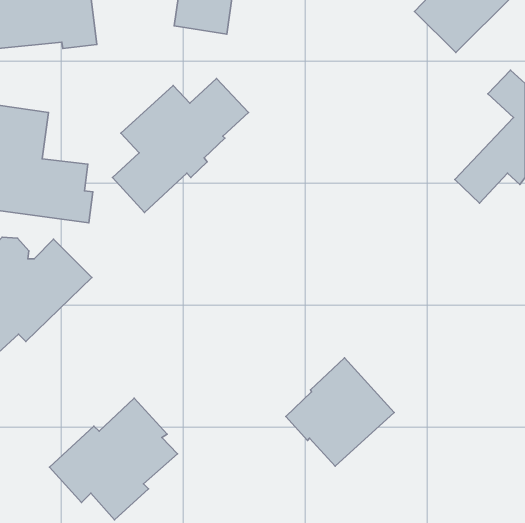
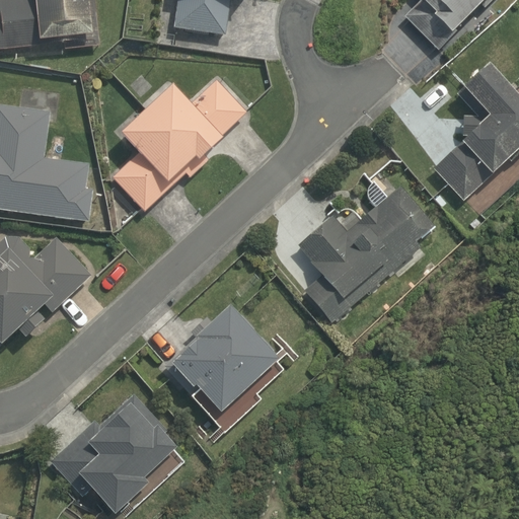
building: none -> [305,196,437,324]
building: [286,358,394,466] -> [169,304,276,411]

